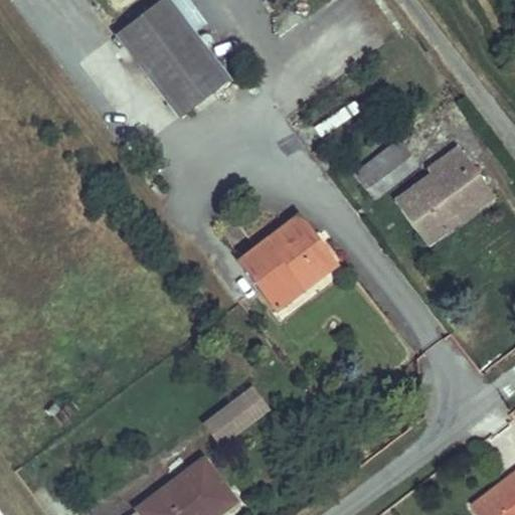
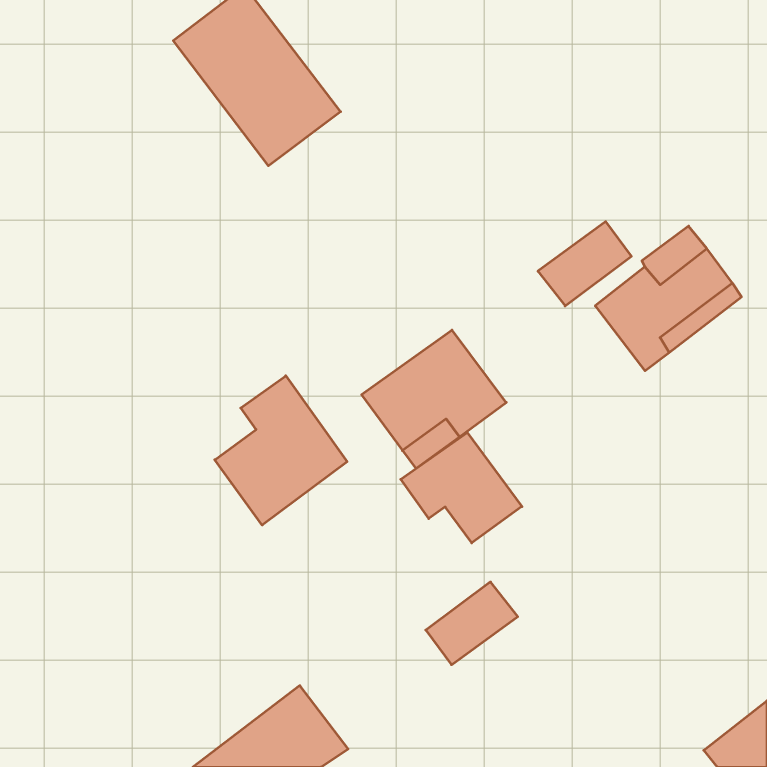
building: none -> [215,376,347,525]
building: none -> [401,432,522,543]
building: [203,387,265,443] -> [426,582,518,665]

